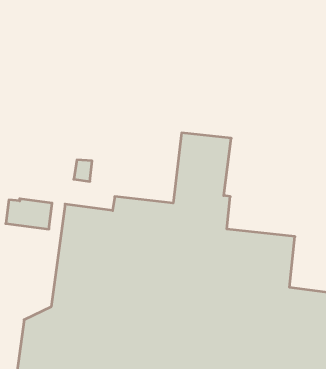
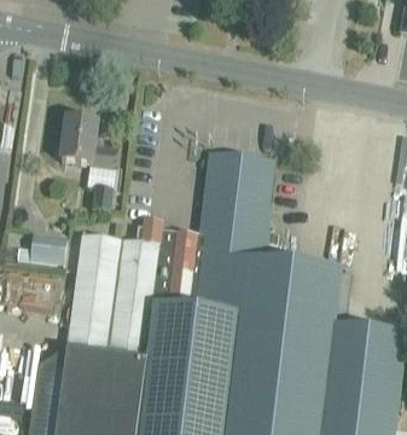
building: none -> [59,114,116,163]

